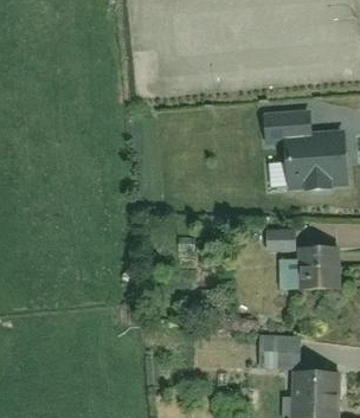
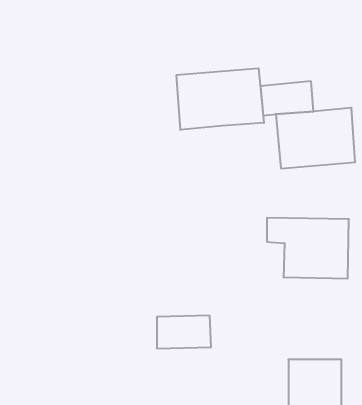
building: none -> [176,68,264,130]
building: [252,335,303,366] -> [157,316,211,348]

